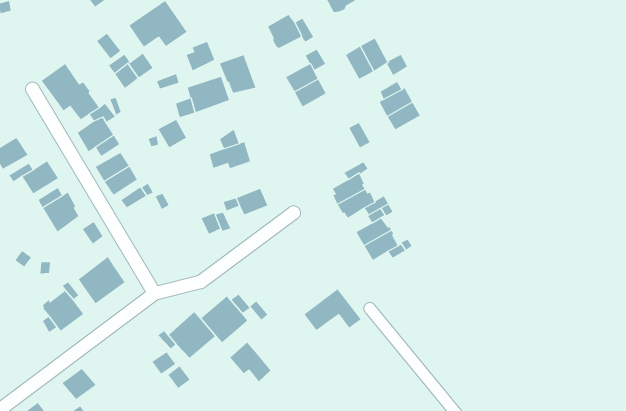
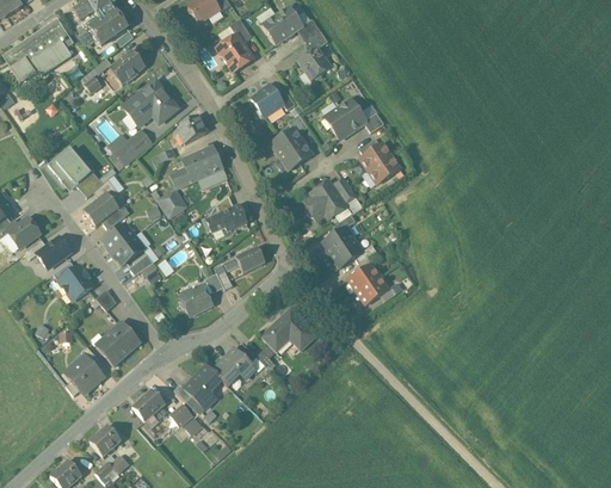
building: [219,54,256,93] -> none
building: none -> [303,181,345,218]
building: none -> [179,284,211,315]
building: [303,289,361,331] -> [261,309,315,350]
building: none -> [131,388,165,420]
building: [230,342,271,382] -> none

